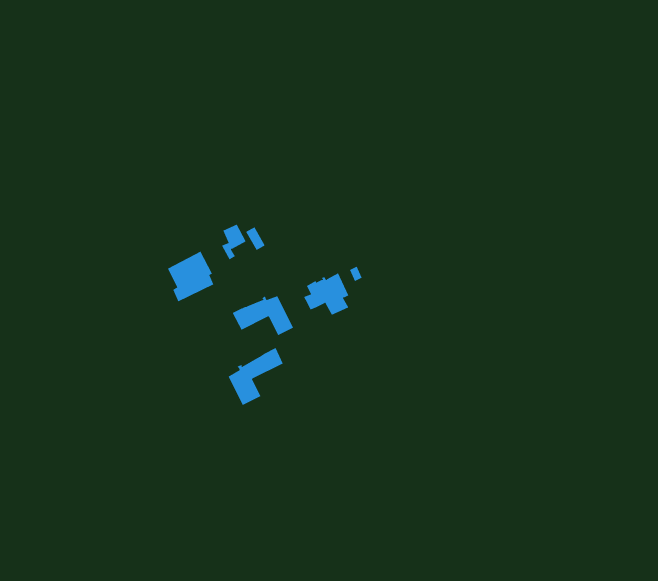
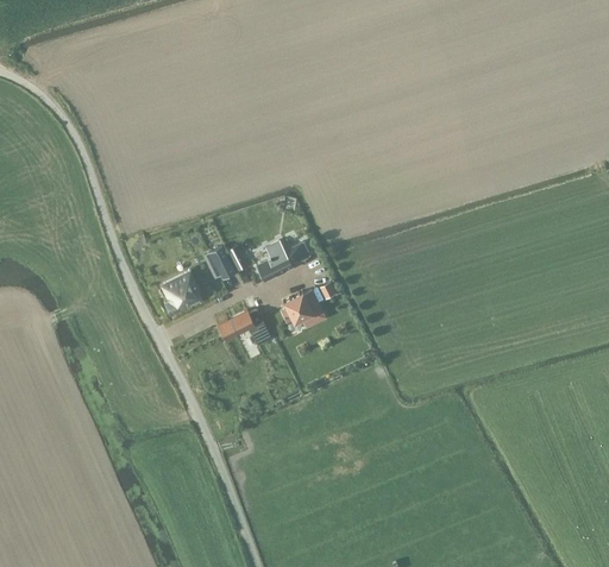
building: none -> [256,240,310,282]
building: [228,347,283,406] -> none

